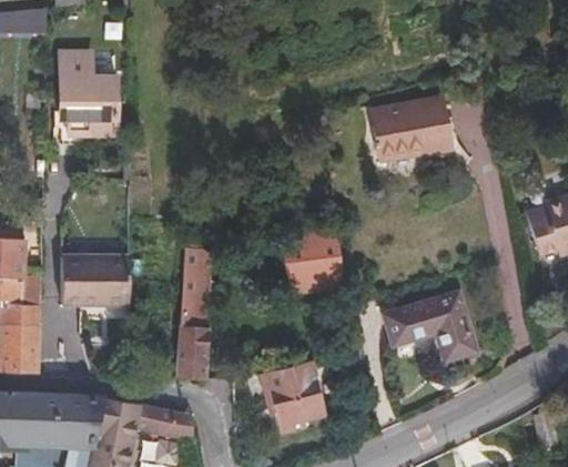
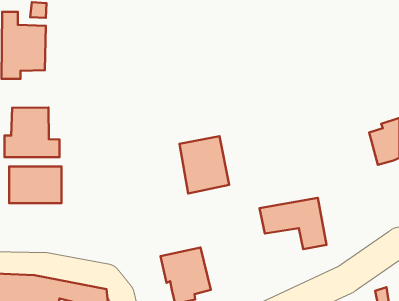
building: [371,104,455,172] -> none
building: none -> [4,108,60,157]
building: [179,244,214,377] -> none

